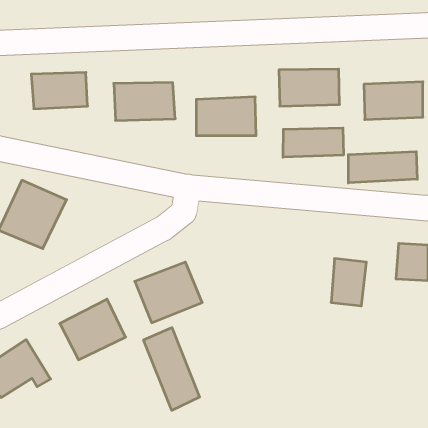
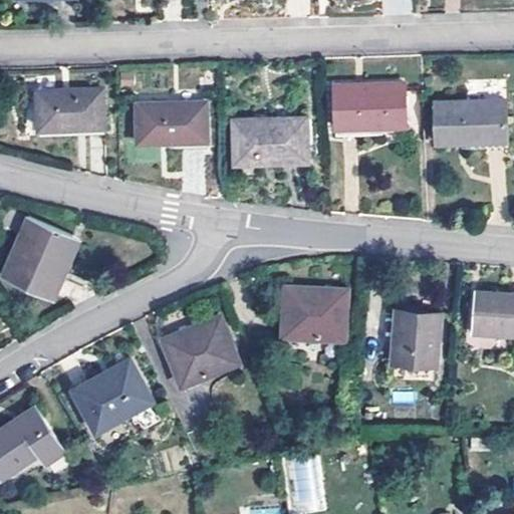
building: [283,128,343,157] -> none
building: [348,152,417,183] -> none
building: none -> [281,286,346,344]
building: [144,328,200,410] -> none

